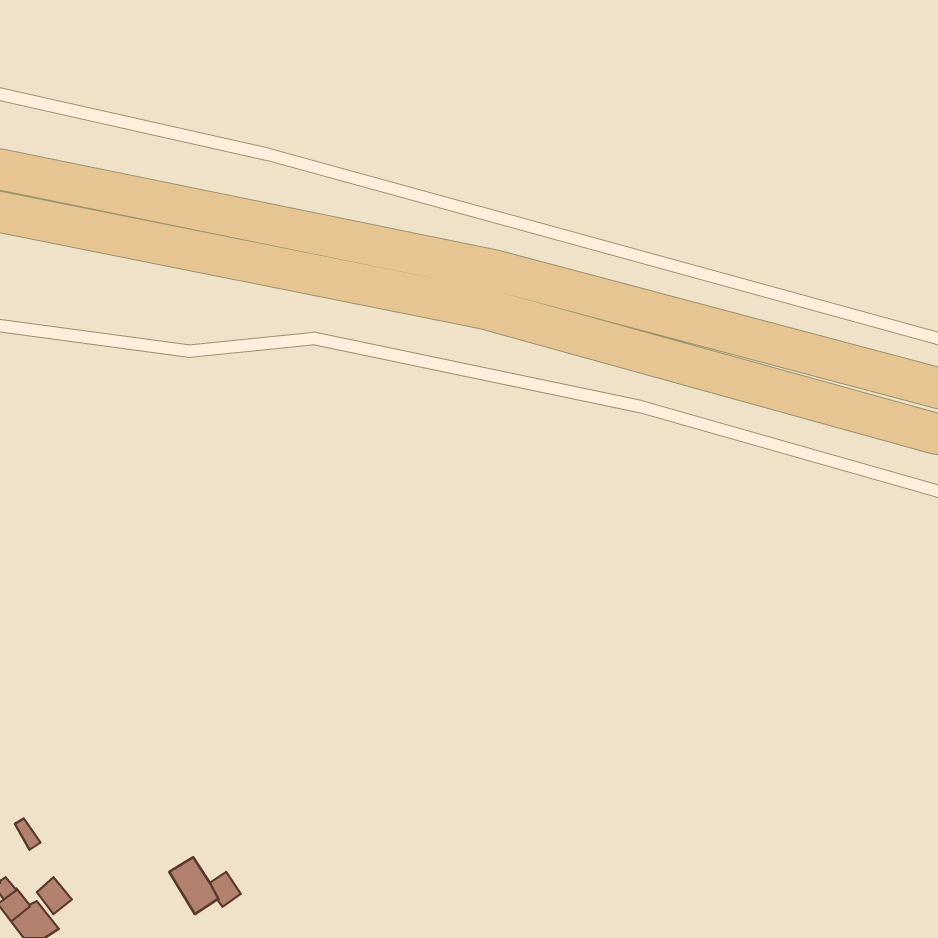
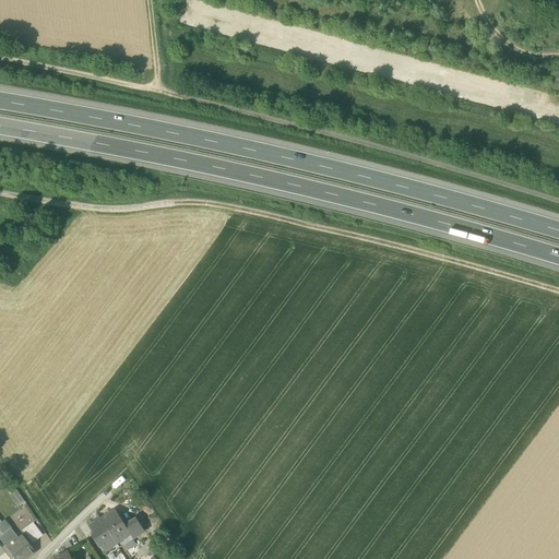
building: none -> [87,518,116,550]

